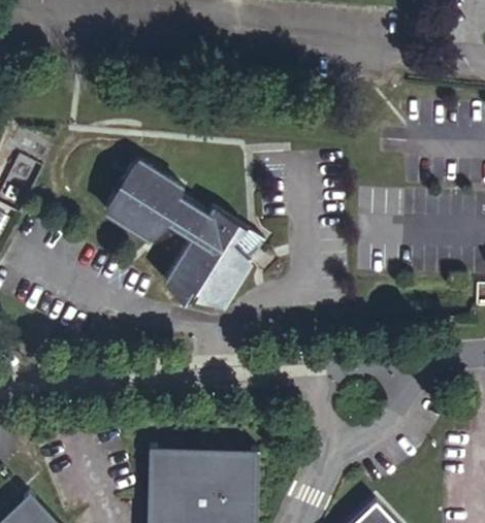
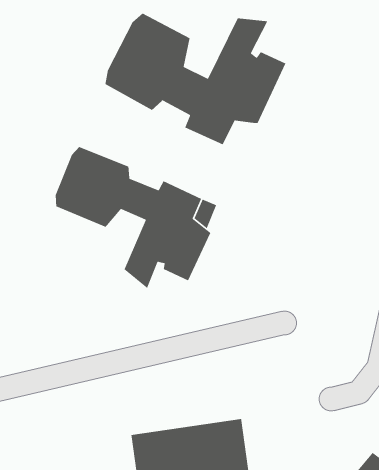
building: none -> [105,12,286,146]

